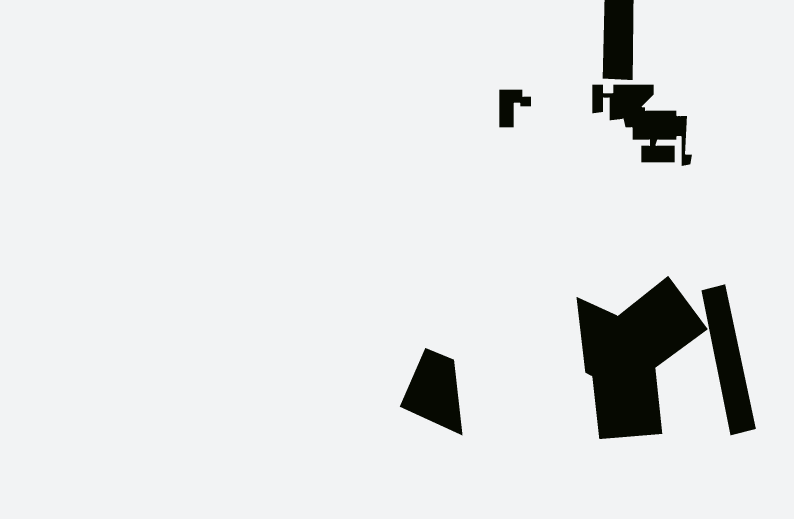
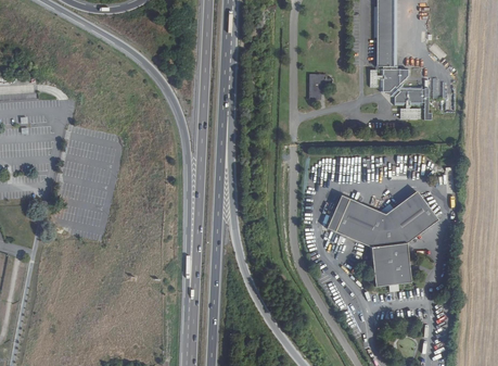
building: [701,283,756,436] -> none
building: [399,347,463,437] -> [324,192,365,248]

